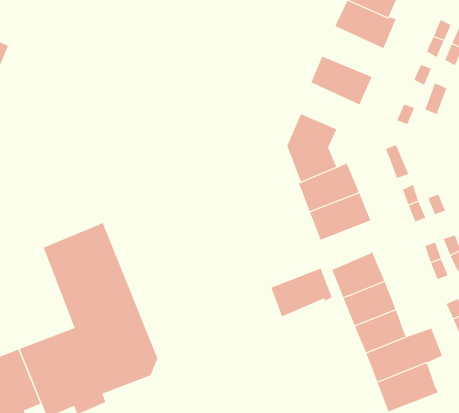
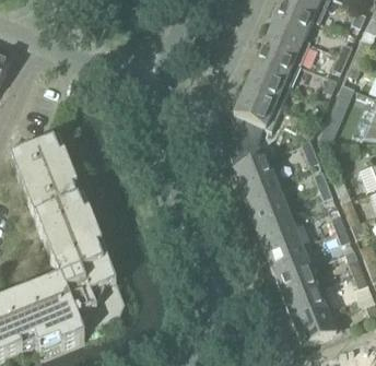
building: none -> [251,45,299,84]
building: none -> [233,88,281,128]
building: none -> [10,137,78,216]
building: [270,268,332,317] -> [250,196,298,234]

